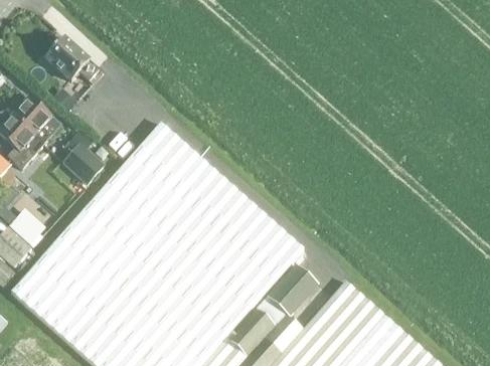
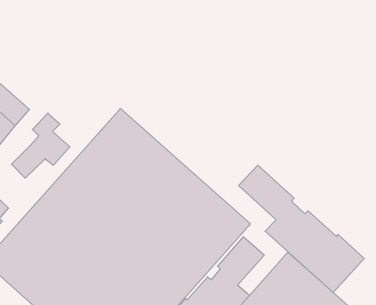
building: [45,37,100,81] -> none
building: none -> [239,165,364,292]

